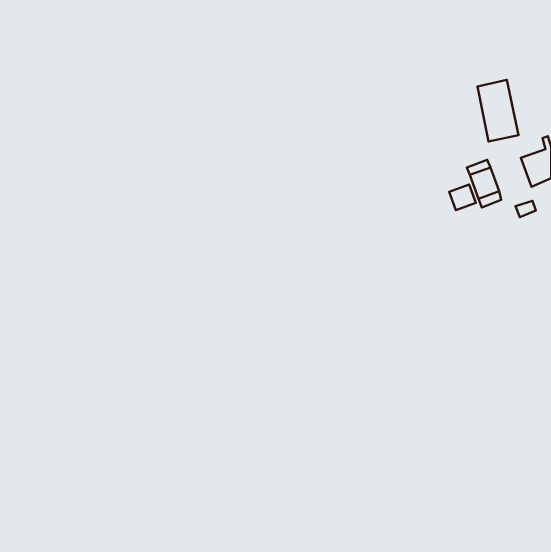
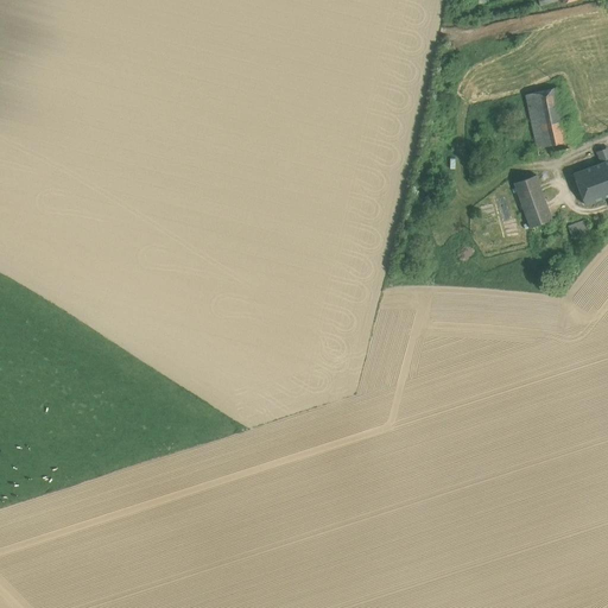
building: [449,184,476,210] -> none

